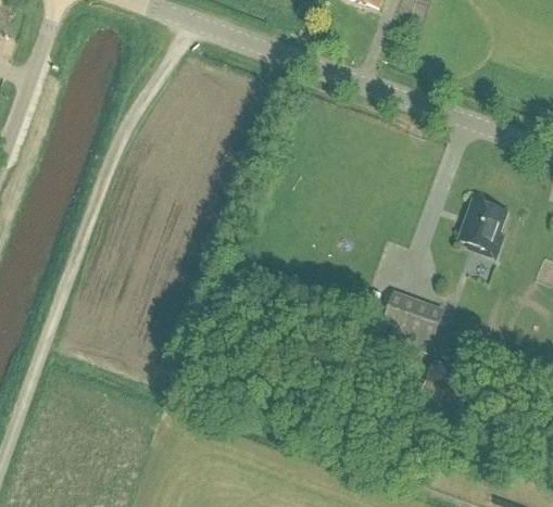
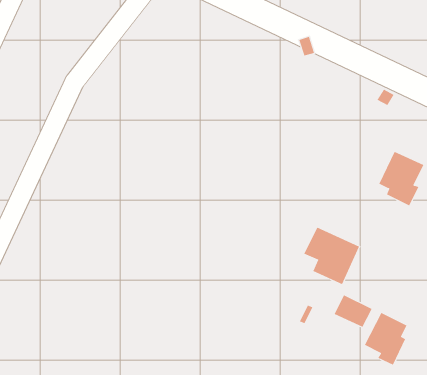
building: none -> [364,312,407,366]

